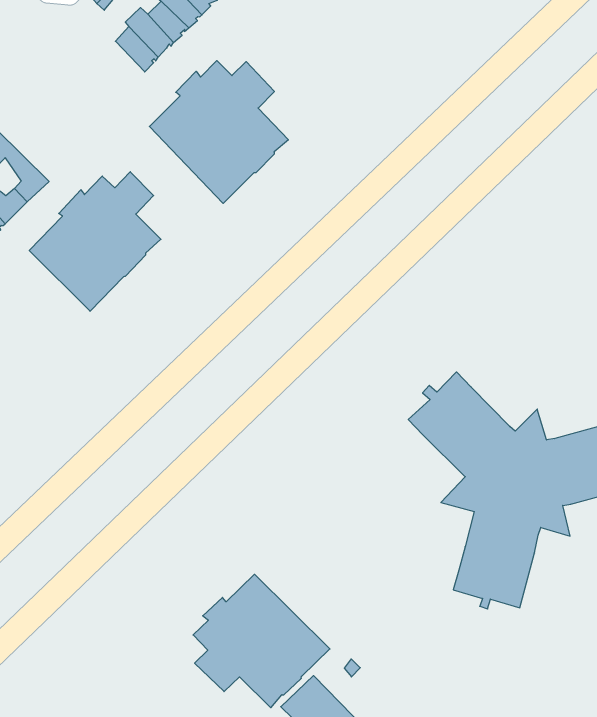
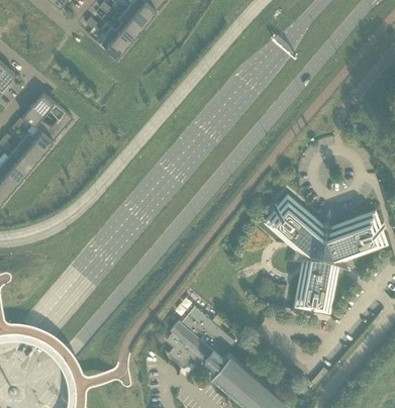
building: [149,61,288,203] -> none
building: [29,172,161,311] -> none

